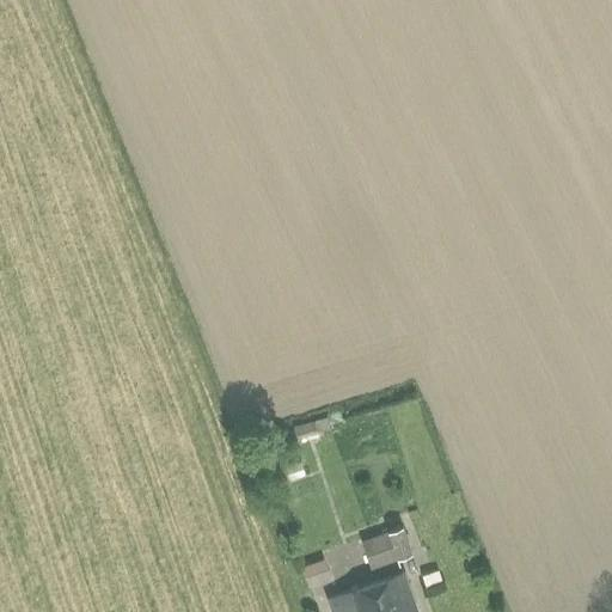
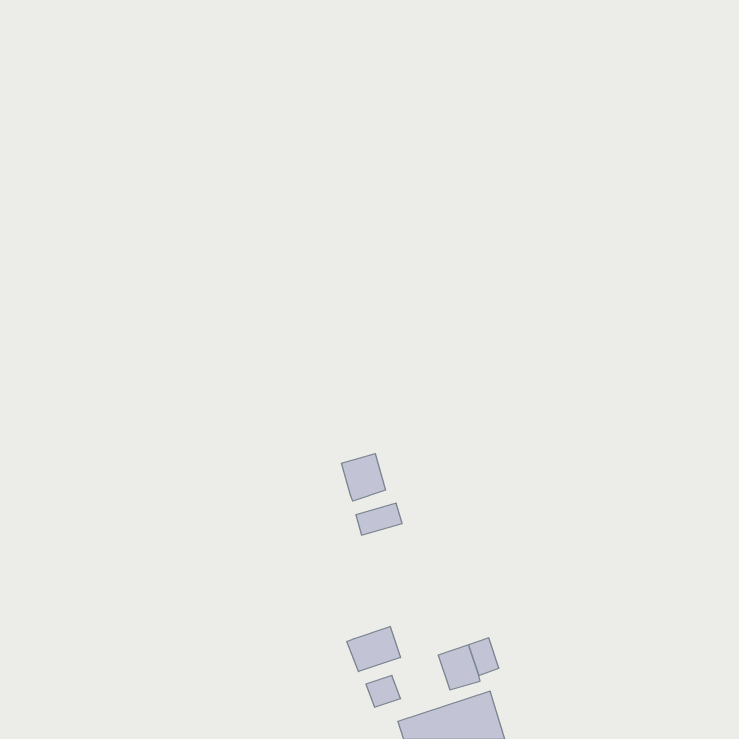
building: none -> [341,454,386,501]
building: none -> [347,626,400,672]

